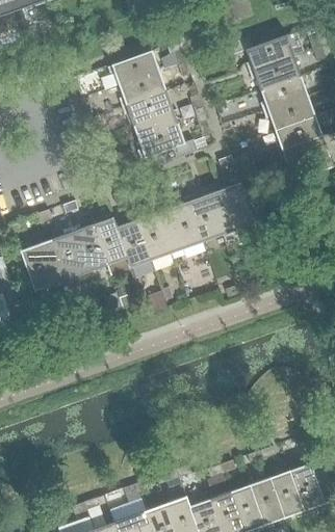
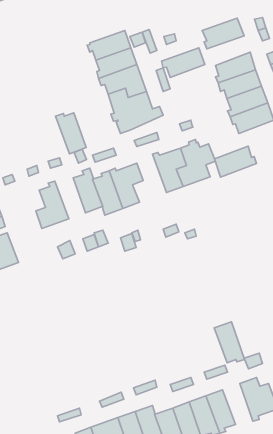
building: [251,55,303,90] -> [161,48,205,78]
building: none -> [215,146,257,177]
building: [162,196,203,254] -> none
building: [70,224,106,273] -> [56,113,86,154]
building: [18,239,58,292] -> none
building: [269,470,306,518] -> [214,322,245,363]

